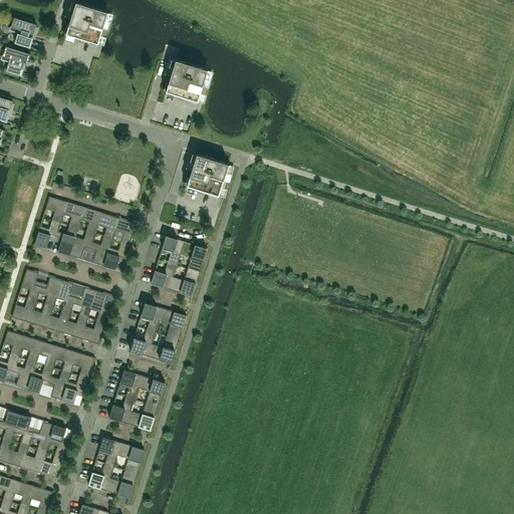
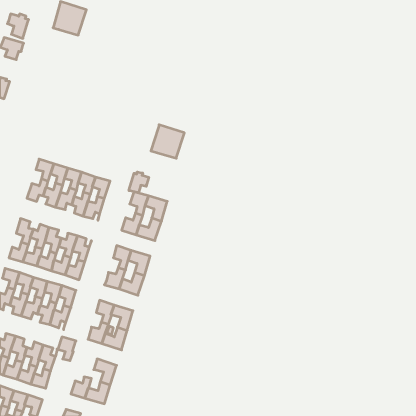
building: [165,61,206,102] -> none
building: none -> [129,172,149,193]
building: [97,438,119,467] -> [58,337,76,361]

